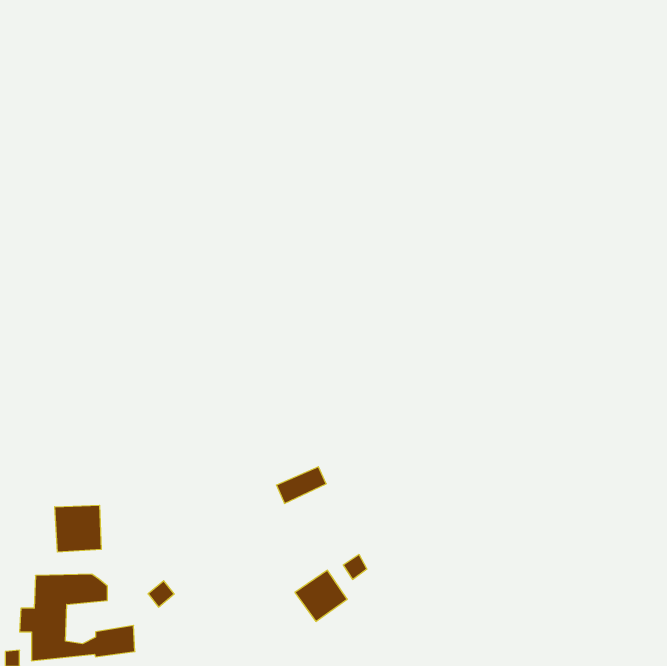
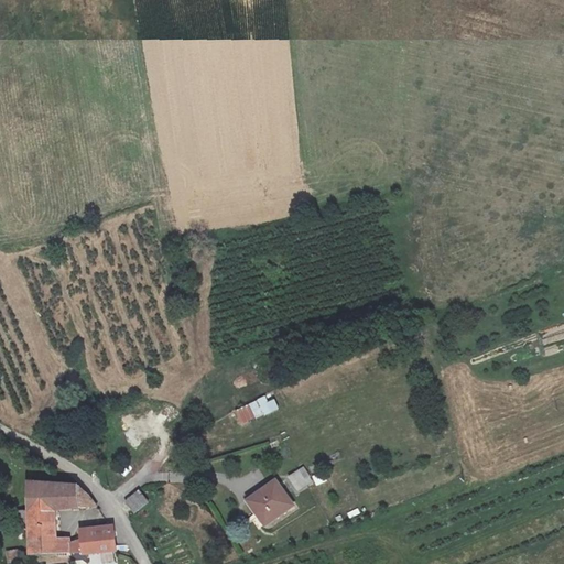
building: [55,505,101,552] -> none

